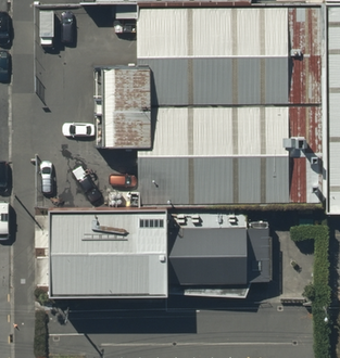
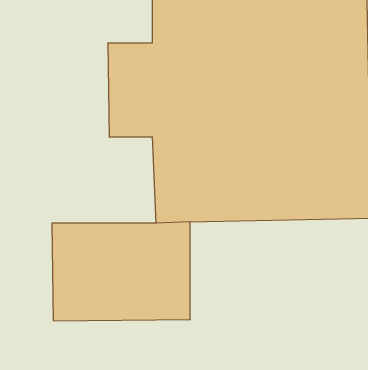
building: [167,229,270,286] -> none

